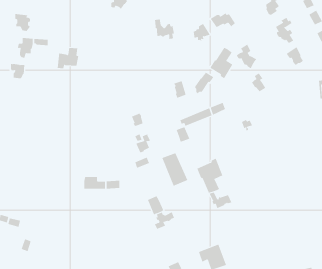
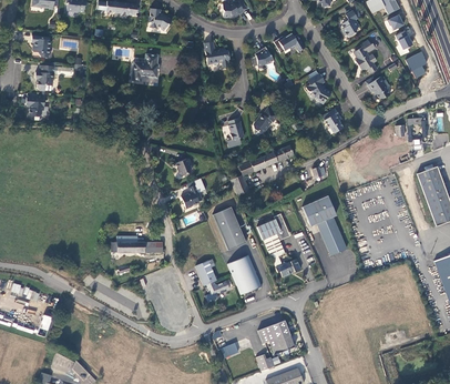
building: [210,46,233,79] -> none
building: [57,47,79,69] -> [131,53,158,80]
building: none -> [301,195,346,255]
building: none -> [227,254,262,294]

